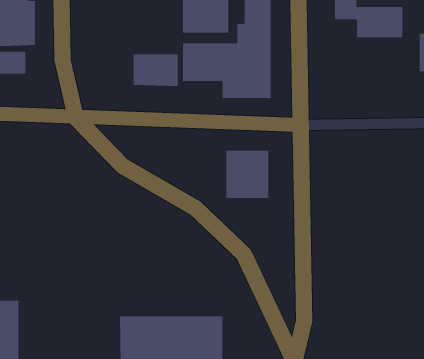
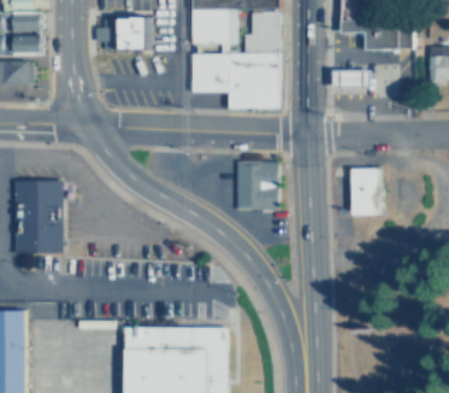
building: [133,54,179,86] -> [104,18,149,51]
building: none -> [337,72,374,89]
building: none -> [350,166,379,215]
building: none -> [14,177,63,252]

